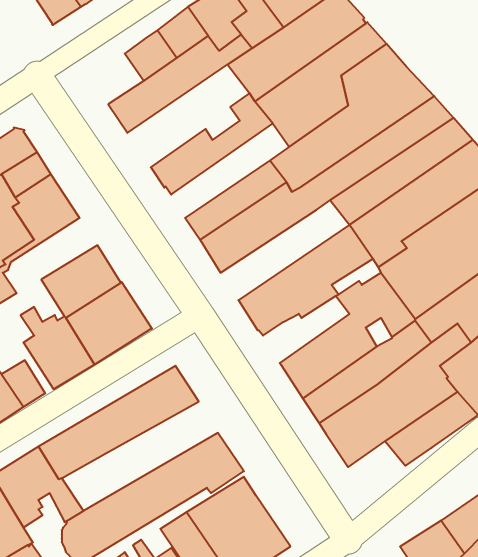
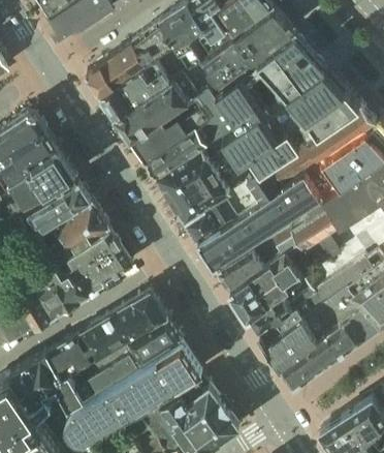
building: none -> [88,58,128,96]
building: none -> [116,66,207,142]
building: none -> [149,111,237,182]
building: none -> [186,169,283,244]
building: none -> [28,182,93,234]
building: none -> [220,241,283,292]
building: none -> [66,321,184,403]
building: none -> [282,351,325,388]

